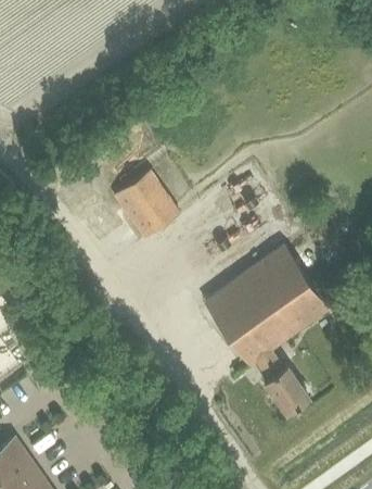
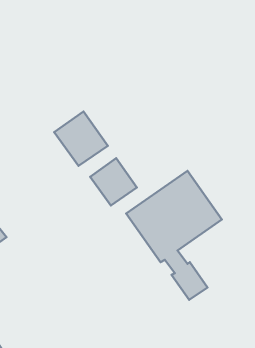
building: none -> [90,158,137,205]

